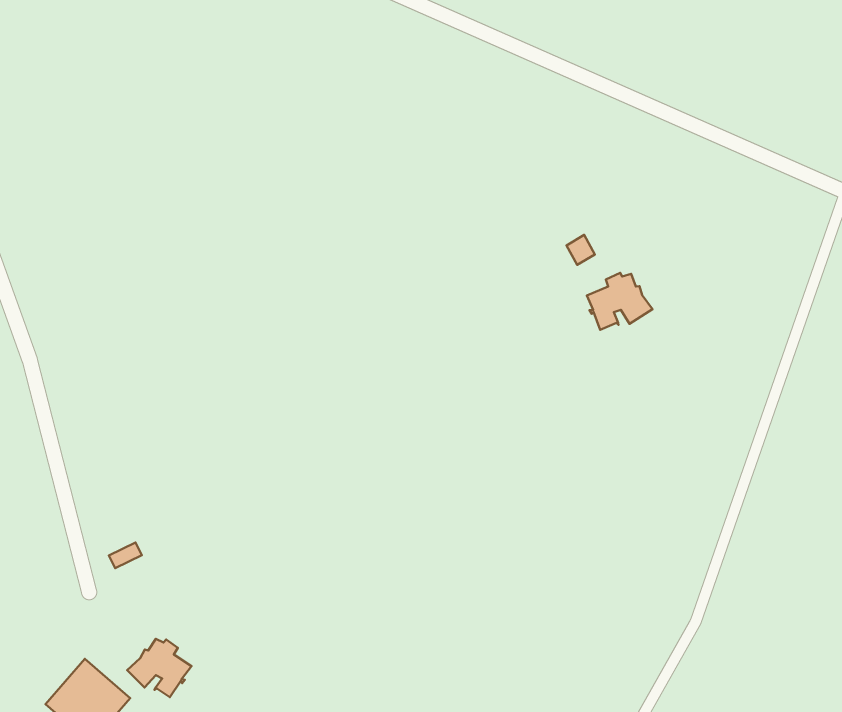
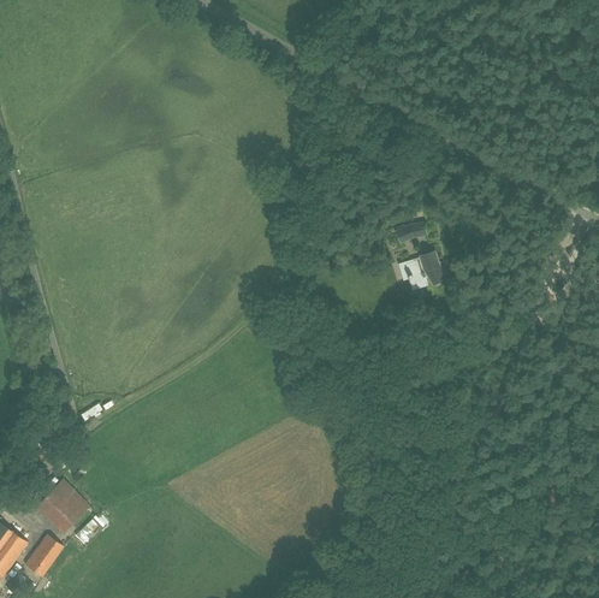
building: [127,639,191,697] -> none

